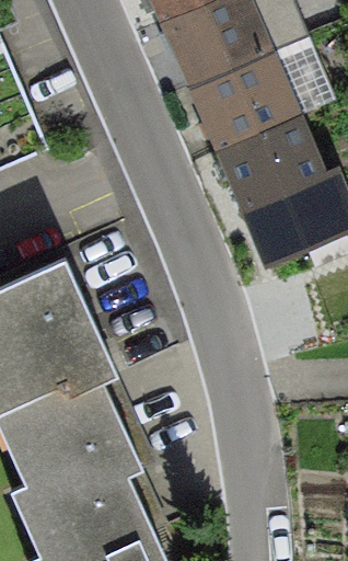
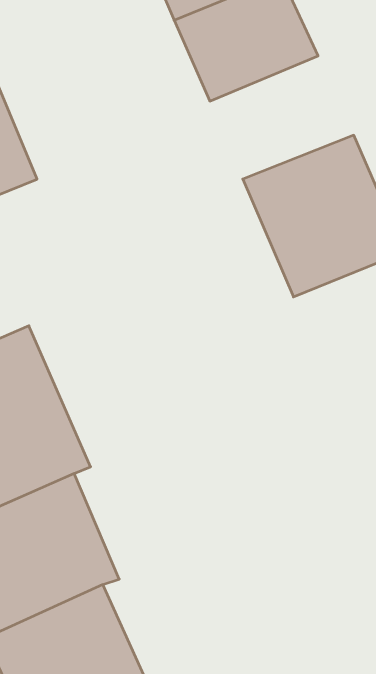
building: [199,47,314,146] -> none

